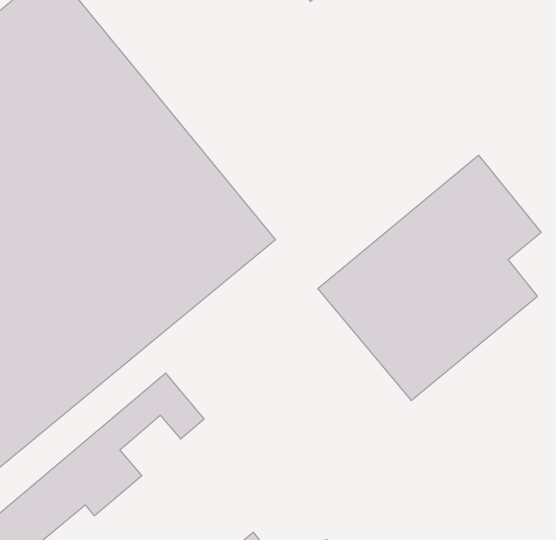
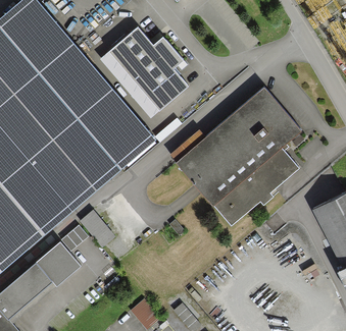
building: none -> [102,20,191,112]

